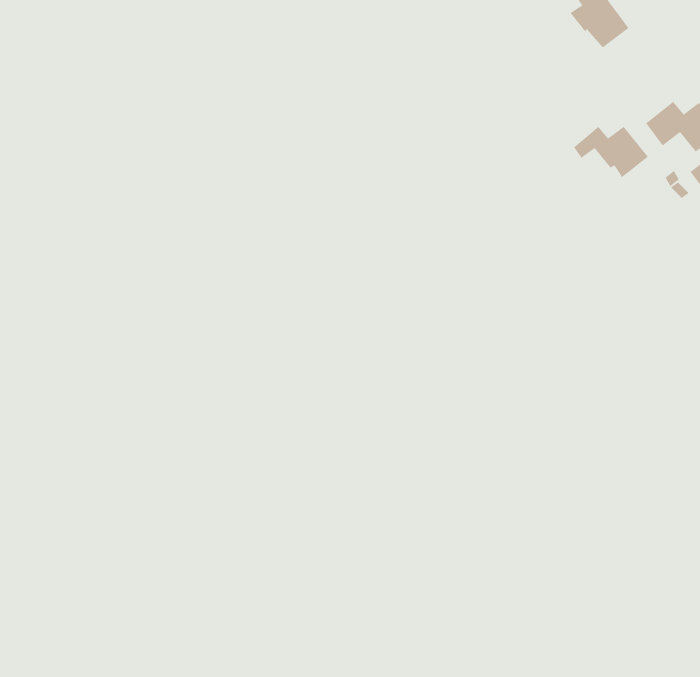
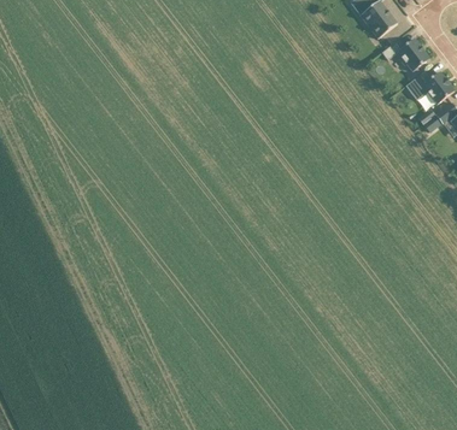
building: [573,126,649,178] -> [382,39,429,71]

